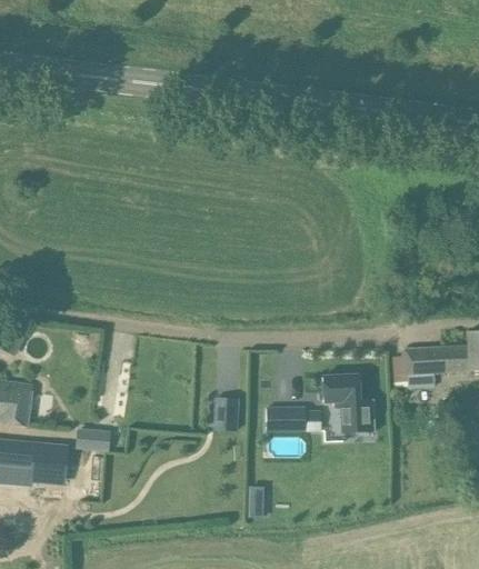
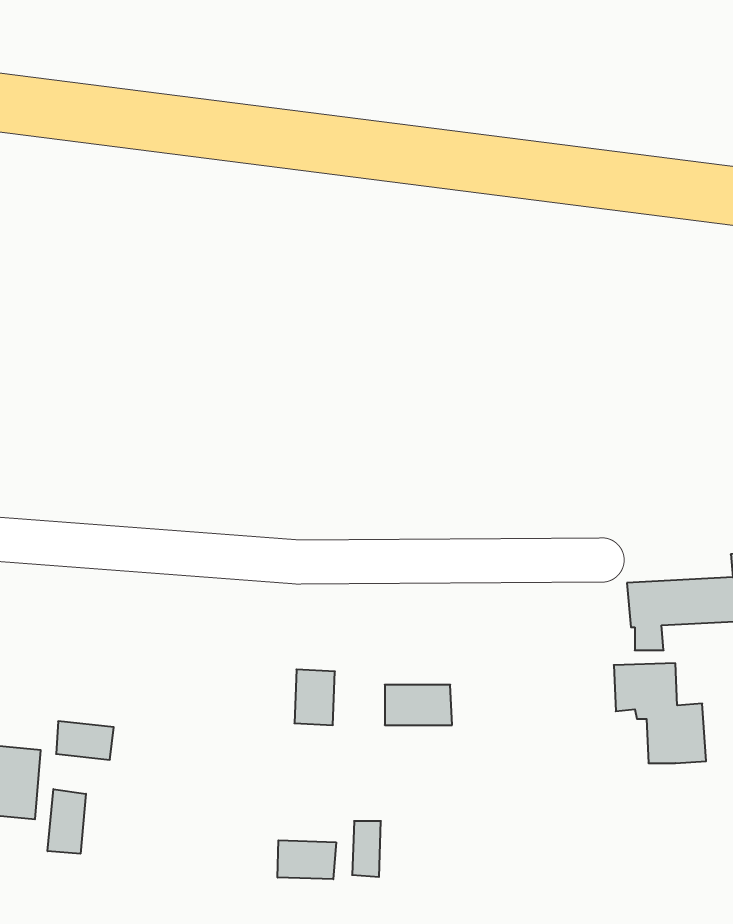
building: [322,375,376,432] -> [614,663,706,763]
building: none -> [48,789,86,854]
building: none -> [278,840,336,879]

